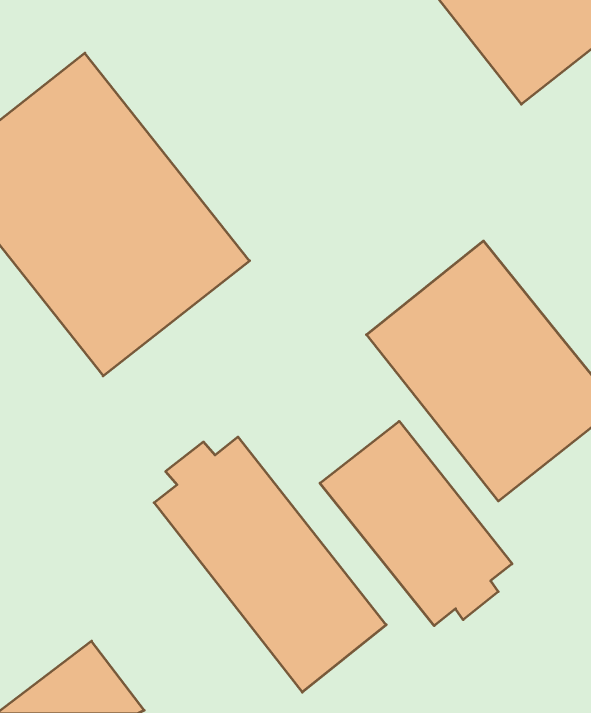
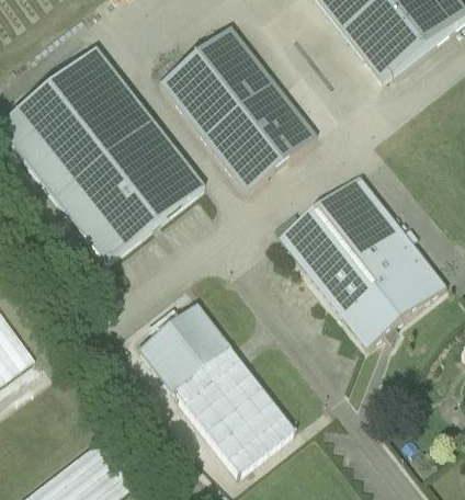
building: none -> [158,27,315,192]
building: [320,421,512,626] -> none

